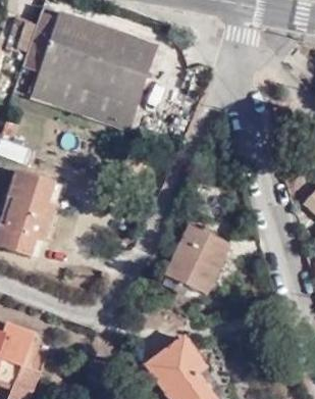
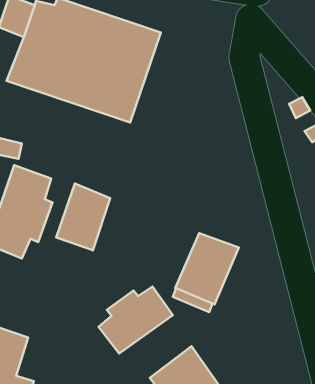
building: none -> [56,184,110,251]
building: none -> [98,287,173,353]

